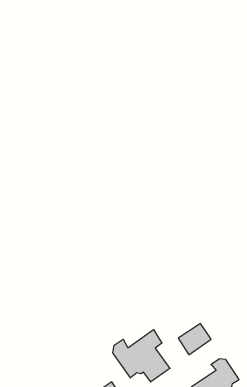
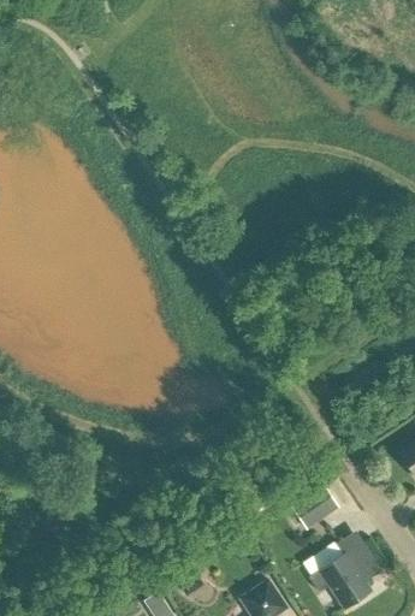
building: [113,330,170,382] -> none

